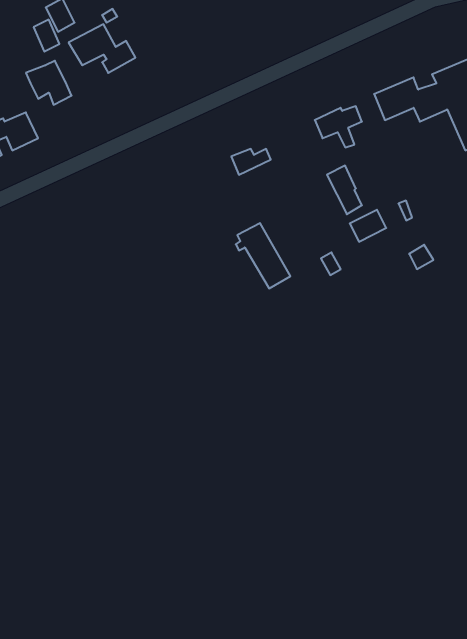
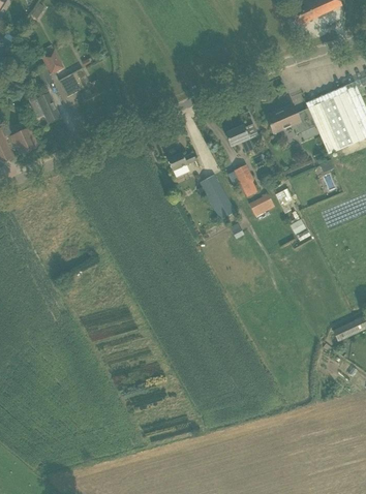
building: [236,223,290,288] -> [197,175,235,219]

